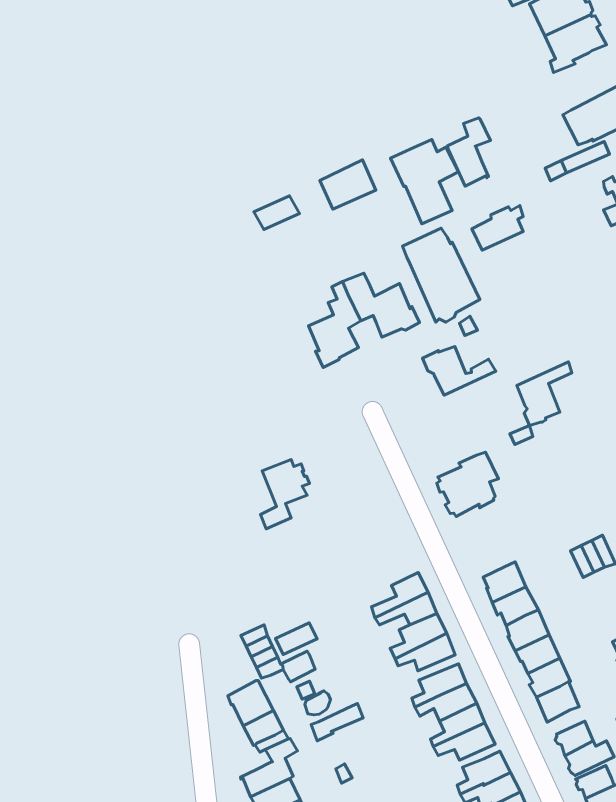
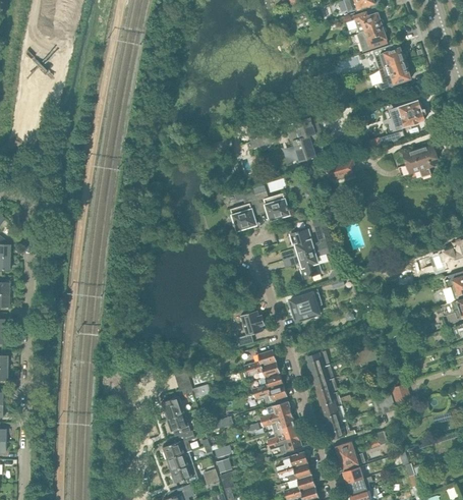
building: [447,118,490,186] -> none
building: [402,228,480,322] -> none
building: [517,362,572,426] -> [299,247,330,279]
building: [260,459,309,529] -> [237,312,266,347]

